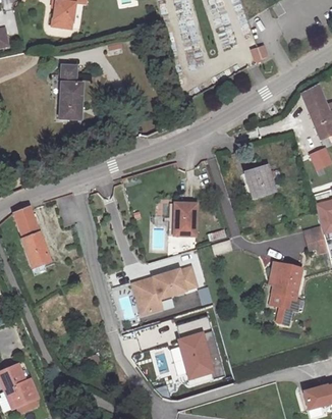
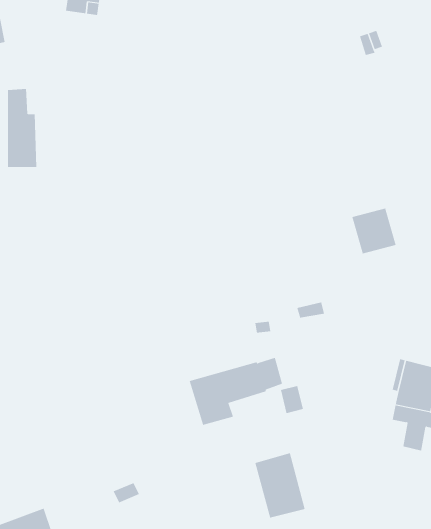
building: [59,70,79,124] -> [7,88,37,167]
building: [174,204,198,237] -> none
building: [12,205,50,272] -> none

